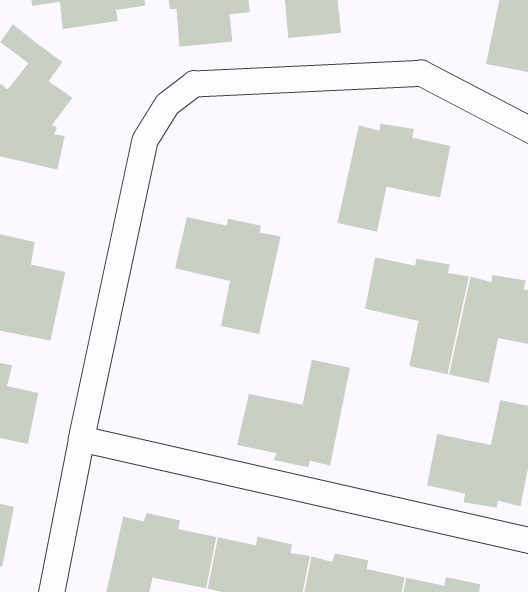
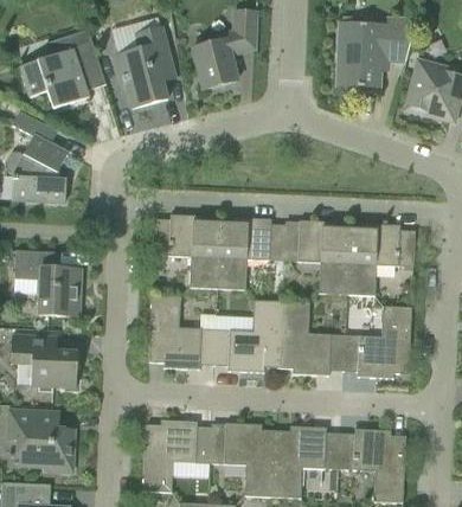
building: [336,123,451,232] -> [217,217,284,289]
building: none -> [148,294,216,367]
building: none -> [278,300,345,373]

